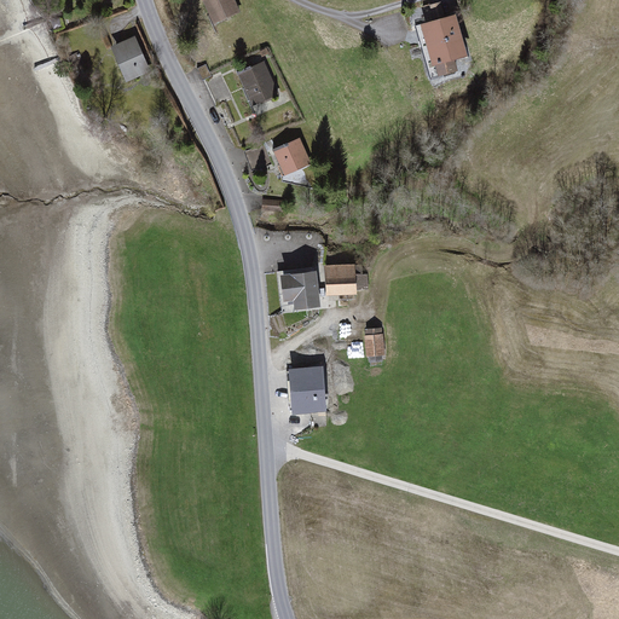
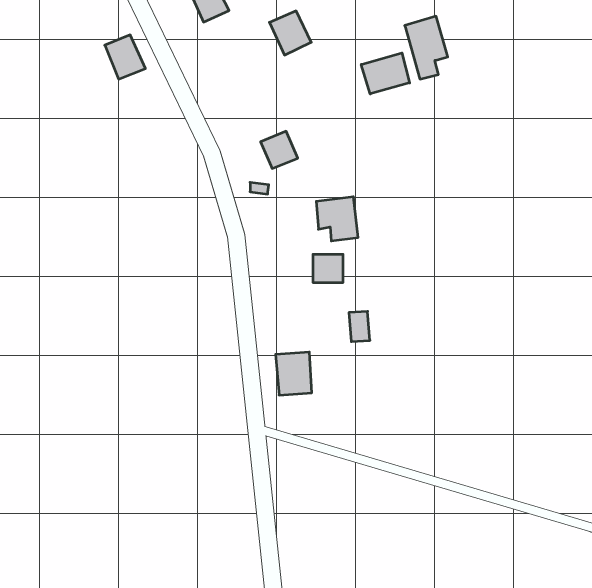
building: none -> [361,53,410,94]
building: [236,62,279,108] -> [269,11,311,55]
building: [277,267,320,313] -> [316,197,358,241]

